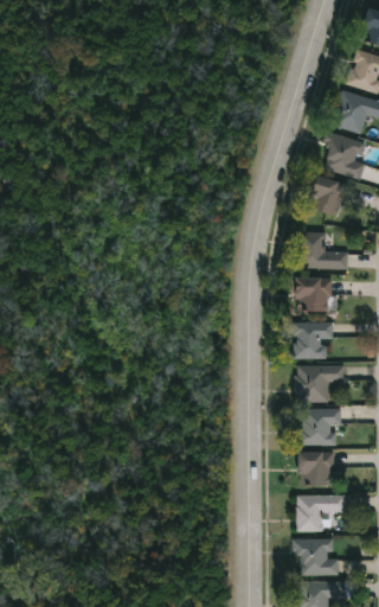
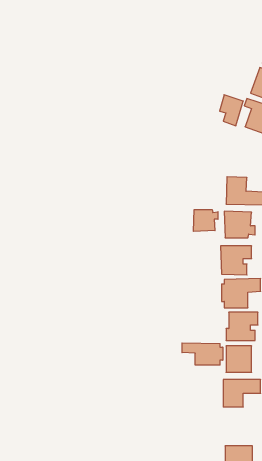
building: [310,174,341,215] -> [220,95,243,126]
building: none -> [194,210,218,231]
building: none -> [182,343,223,365]
building: [293,541,338,576] -> none

